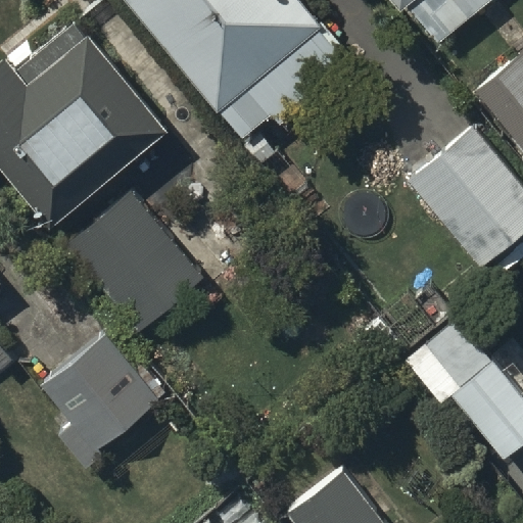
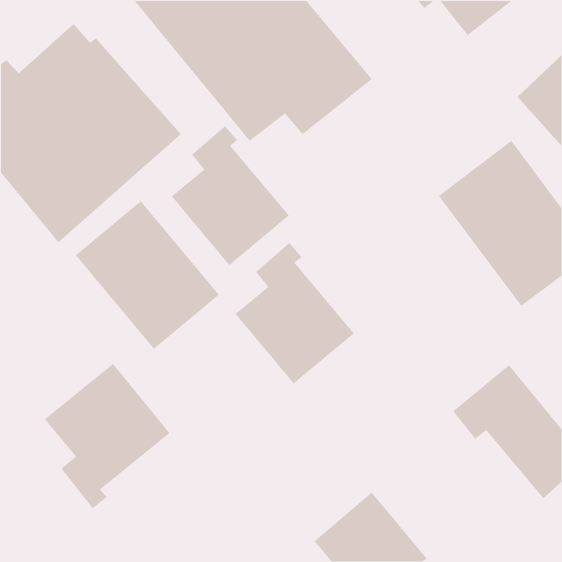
building: none -> [171,125,290,266]
building: none -> [234,242,355,384]

